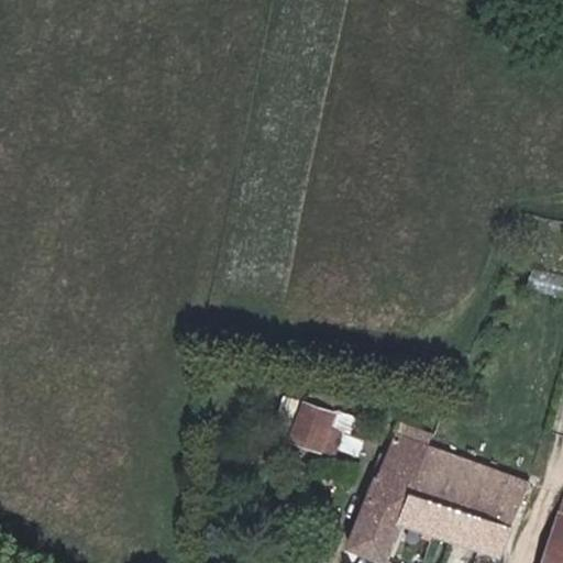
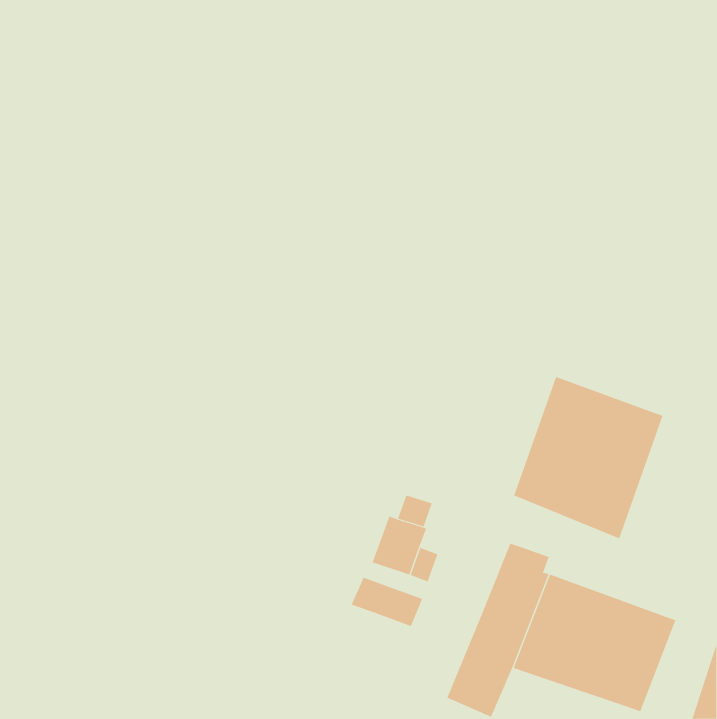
building: none -> [513,376,663,539]
building: none -> [351,577,423,627]

